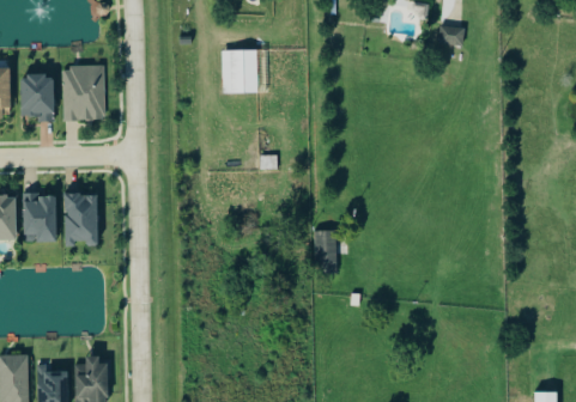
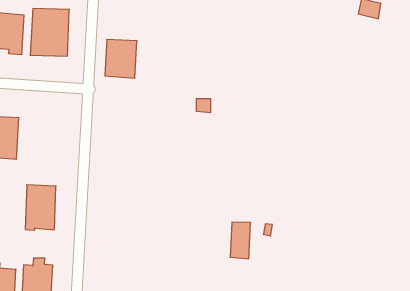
building: [219,49,255,92] -> [105,39,137,78]
building: [62,194,98,246] -> [25,185,56,230]
building: [311,231,334,273] -> [230,222,251,259]

